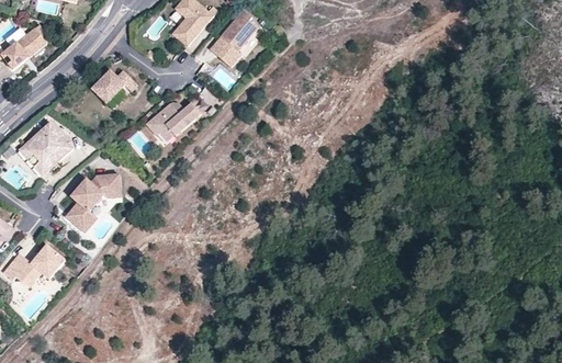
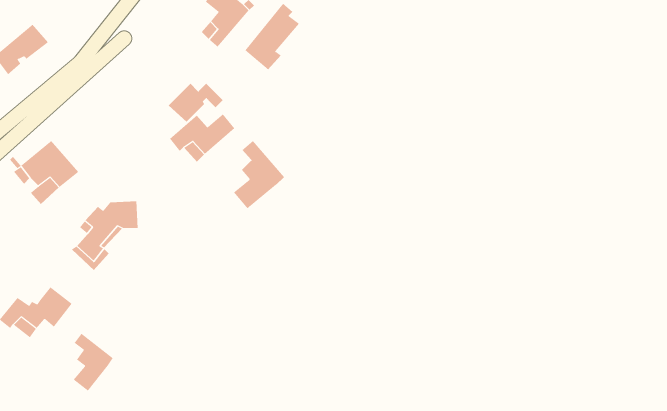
building: [91,70,137,103] -> [168,83,223,123]
building: none -> [233,140,285,209]
building: none -> [73,333,114,392]

